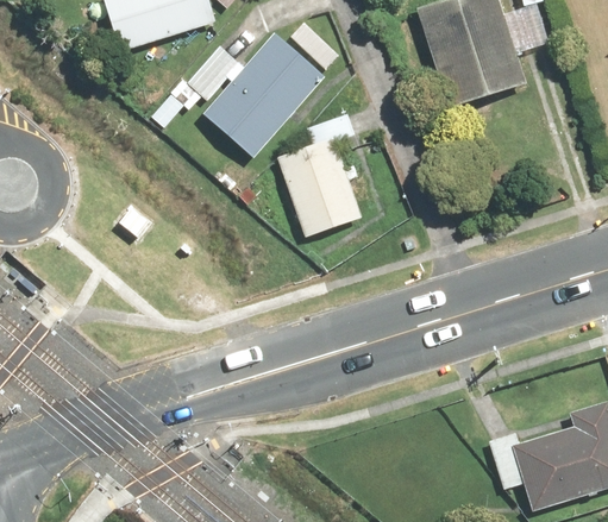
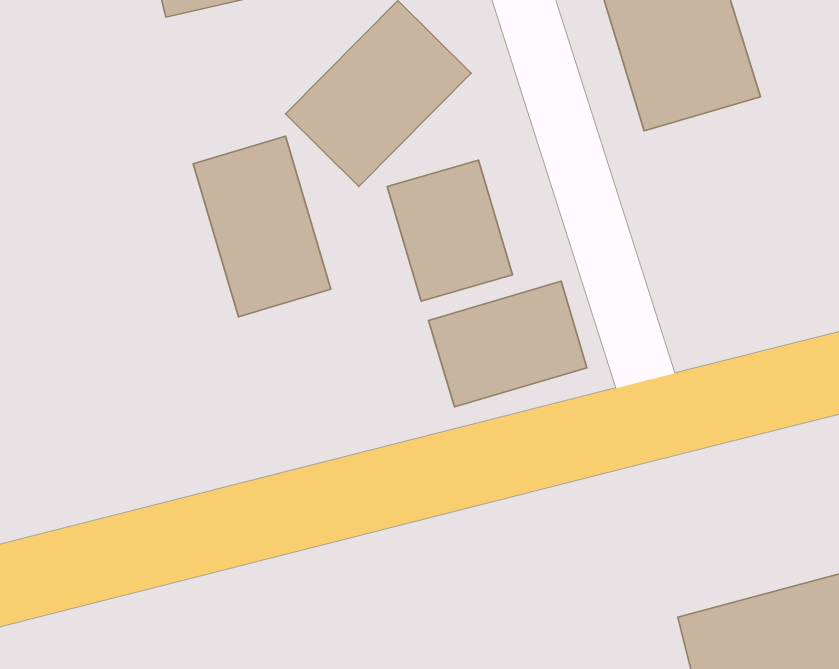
building: none -> [193,136,331,317]
building: none -> [429,281,587,407]

